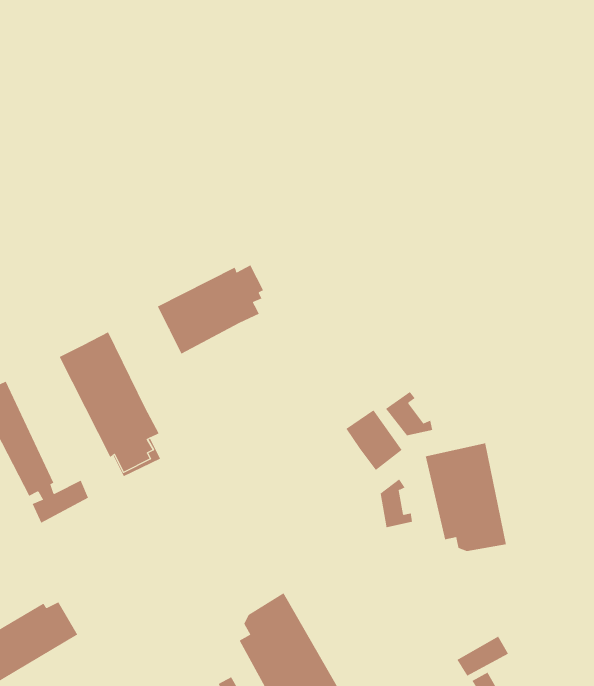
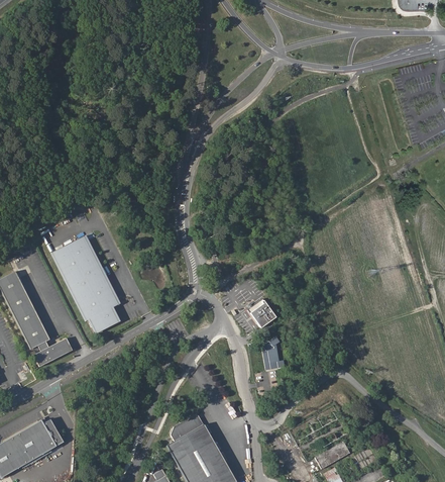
building: [157,265,264,354] -> none
building: [385,391,433,436] -> none
building: [425,442,506,552] -> none

